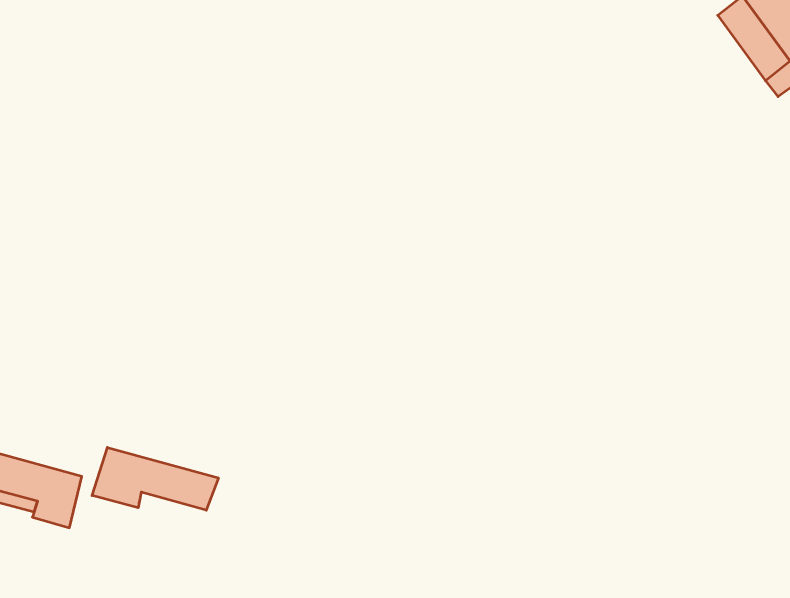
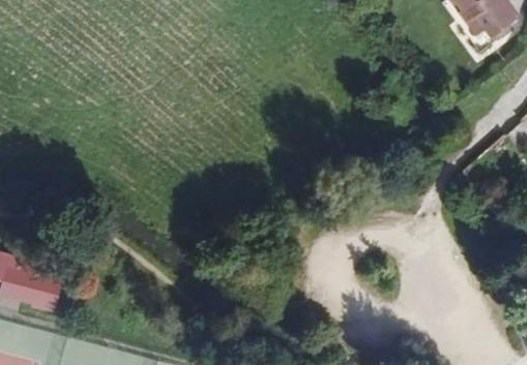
building: [92,447,218,510] -> none

